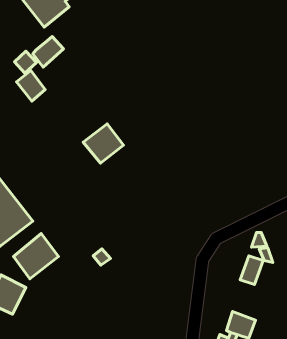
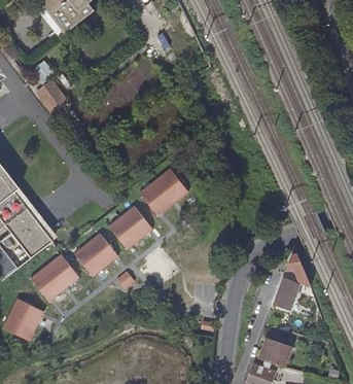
building: [33,36,63,67] -> none
building: [83,124,124,163] -> [141,174,184,216]
building: none -> [109,207,153,249]
building: none -> [75,234,118,277]

